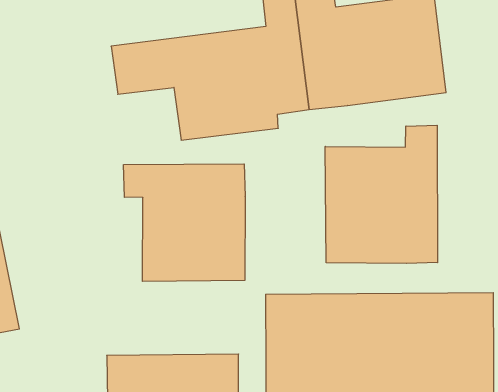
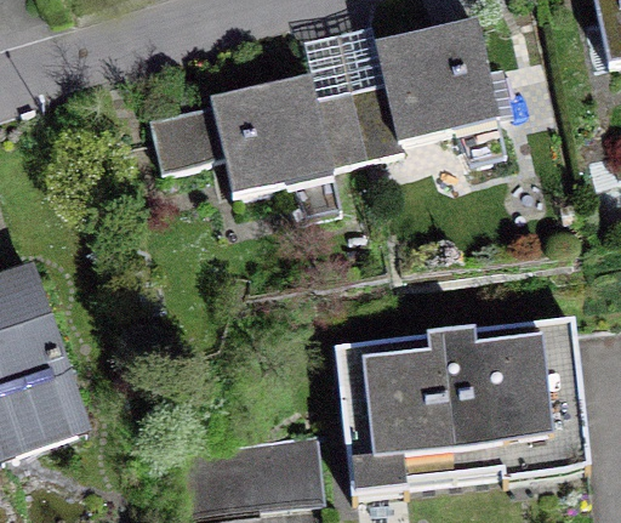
building: [325,125,438,263] -> none
building: [124,164,245,281] -> none

